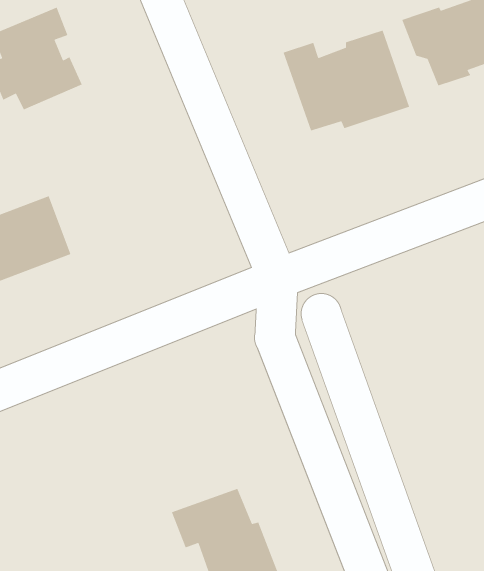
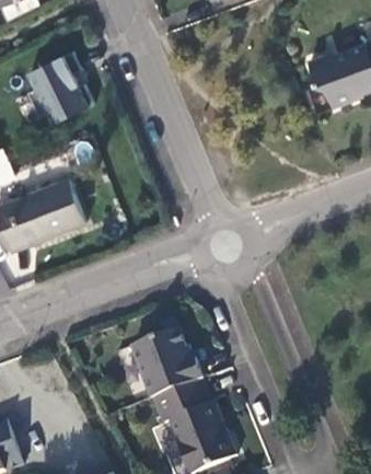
building: [282,30,410,131] -> none
building: none -> [129,327,202,397]

